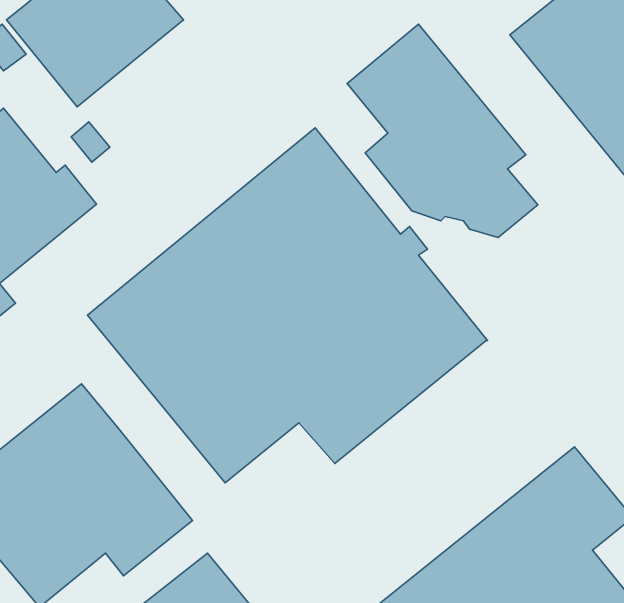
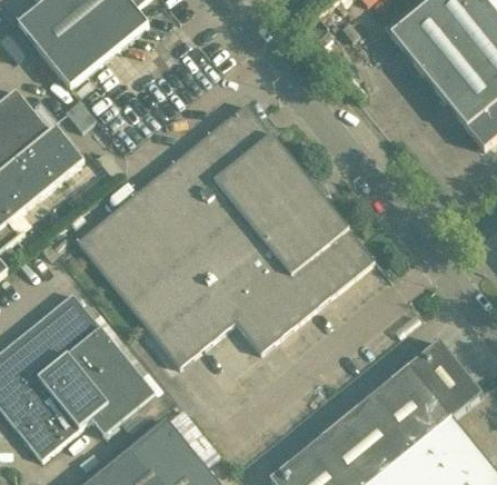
building: [347,24,538,238] -> none

